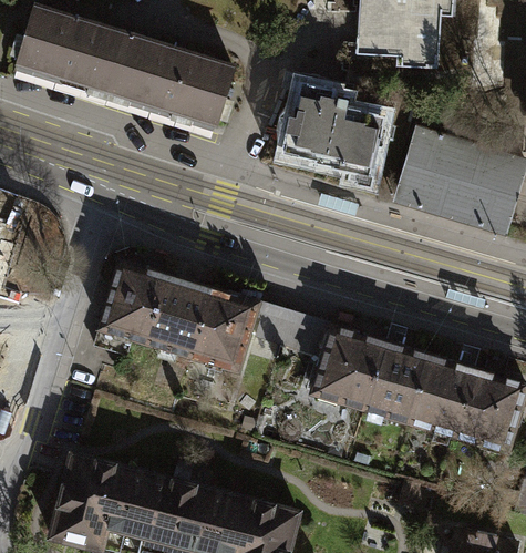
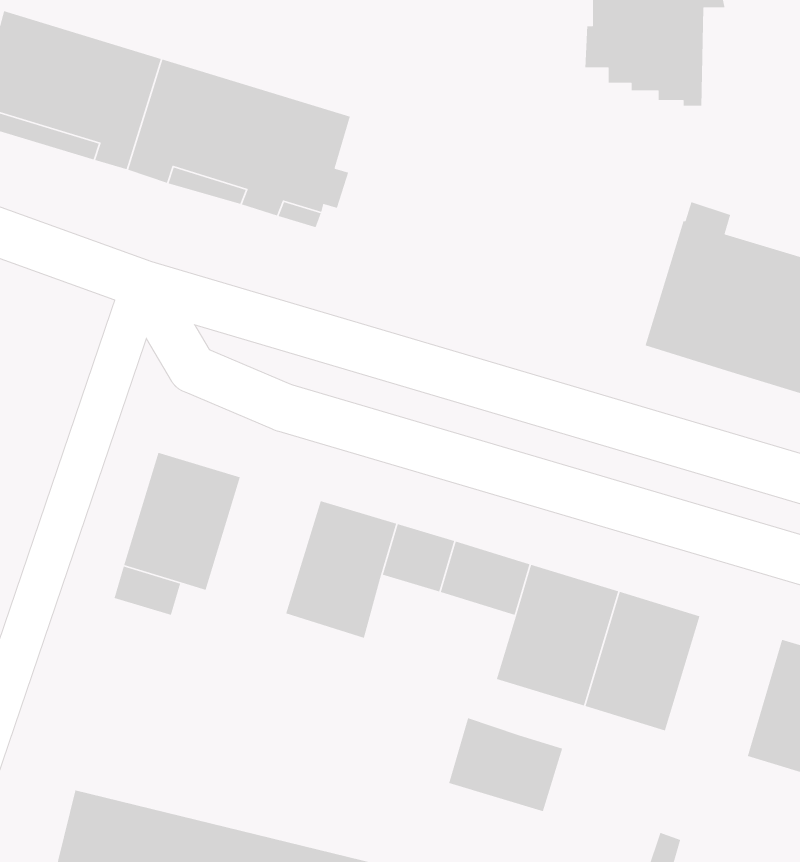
building: [287,83,383,185] -> none
building: [148,275,214,354] -> none
building: [412,355,478,436] -> none
building: none -> [448,717,563,812]

